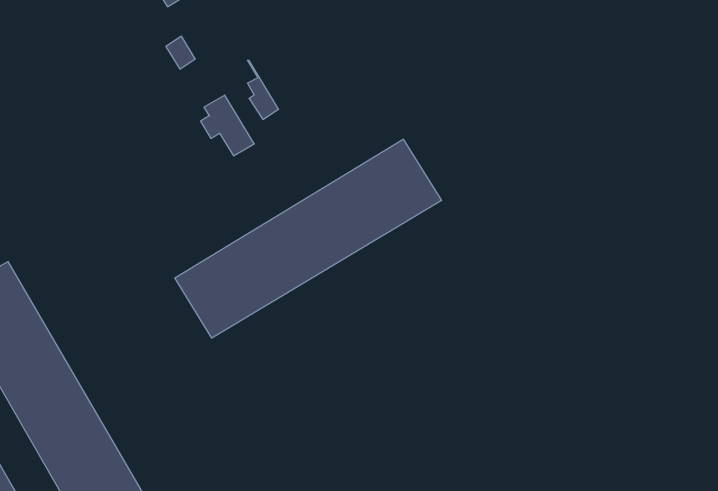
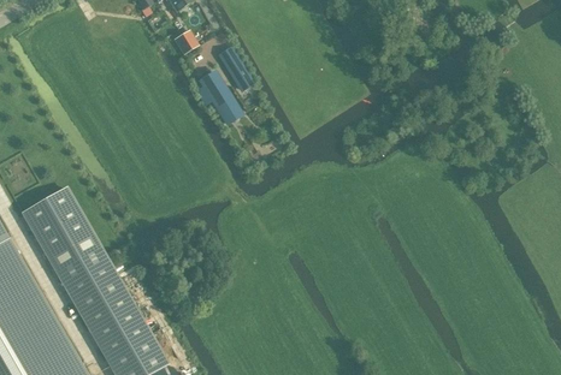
building: [175,139,442,338] -> none

